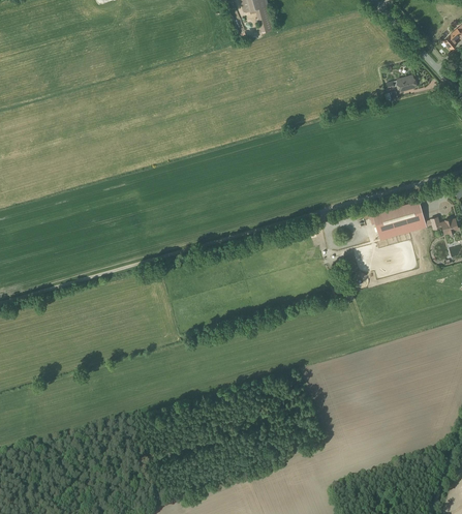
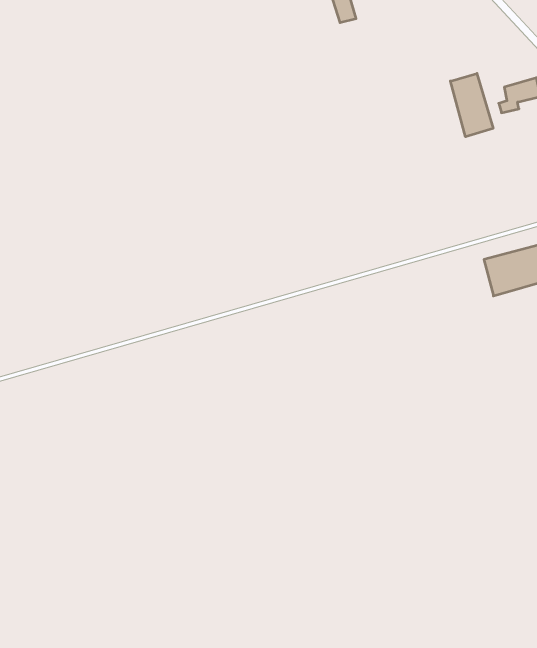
building: none -> [450,73,493,137]

